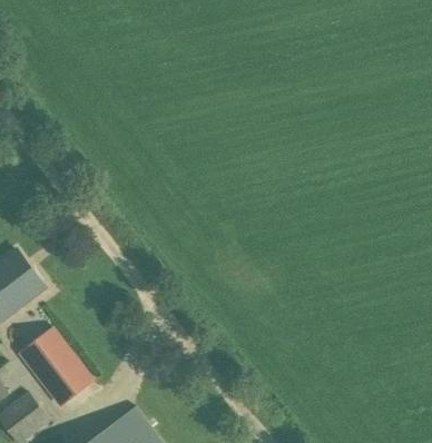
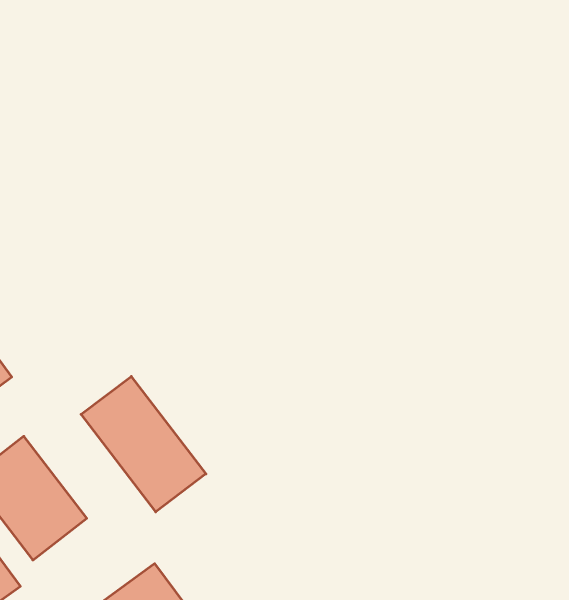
building: none -> [81,376,206,512]

